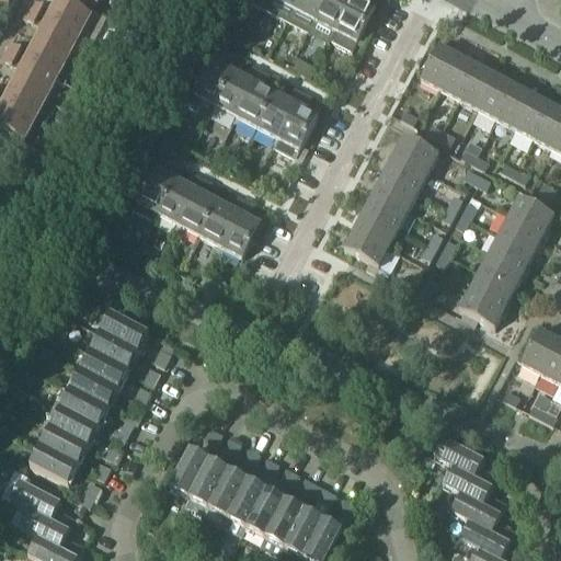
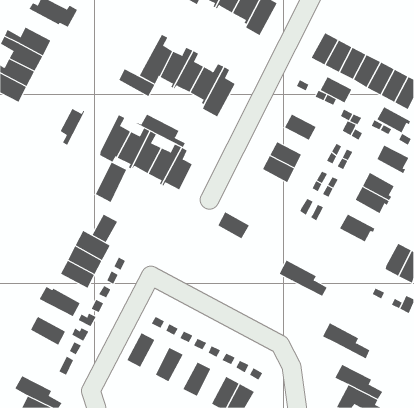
building: [22,7,80,55] -> none
building: none -> [118,68,155,97]
building: [393,135,437,171] -> [320,77,352,103]
building: none -> [60,108,85,146]
building: none -> [136,114,185,148]
building: [374,172,417,208] -> none
building: [499,215,545,251] -> [377,106,411,133]
building: none -> [95,162,127,203]
building: [344,228,388,265] -> [217,212,250,239]
building: [469,270,513,308] -> none
building: none -> [92,214,118,243]
building: [71,369,118,409] -> none
building: [42,403,99,447] -> none
building: [31,445,79,483] -> none
building: [184,458,228,515] -> none
building: [443,462,508,512] -> [279,260,327,297]
building: [12,472,77,527] -> none
building: [220,478,266,536] -> none
building: [266,497,305,545] -> none

